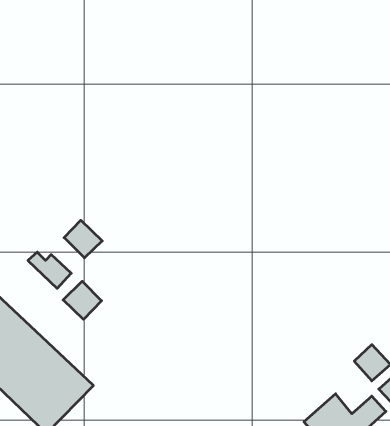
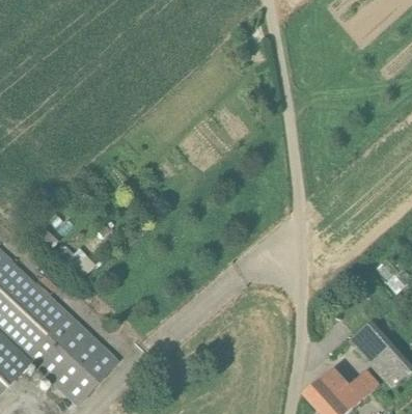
building: [64,220,102,258] -> none
building: [63,281,102,319] -> none

